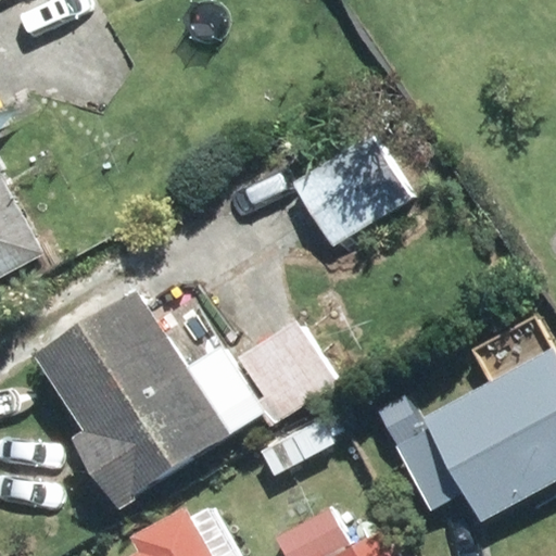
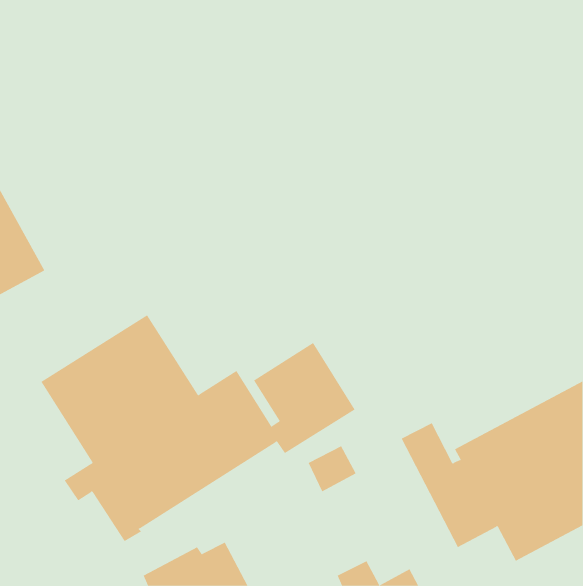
building: [293,135,407,243] -> none

